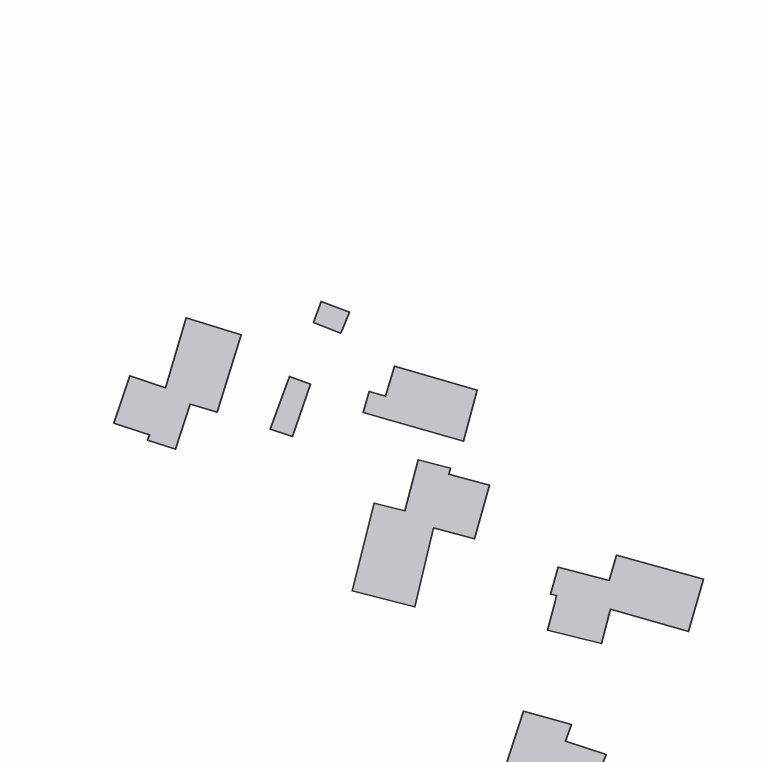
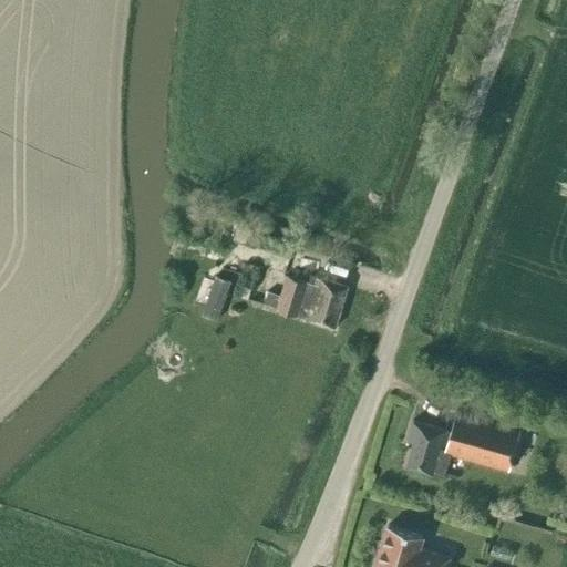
building: [114,318,241,449] -> none
building: [352,460,490,607] -> none

